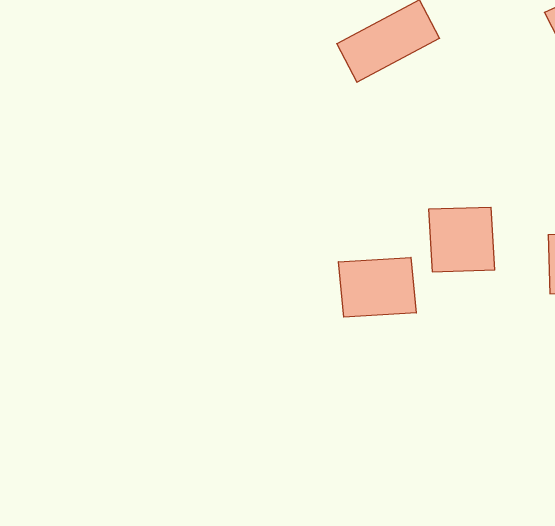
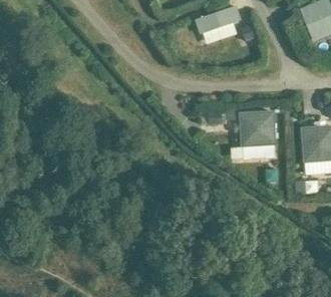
building: [338,257,416,317] -> none

